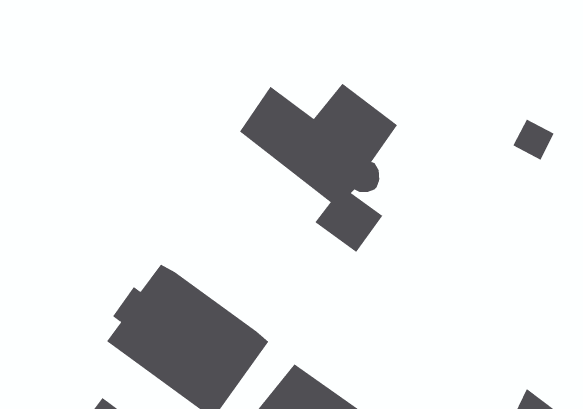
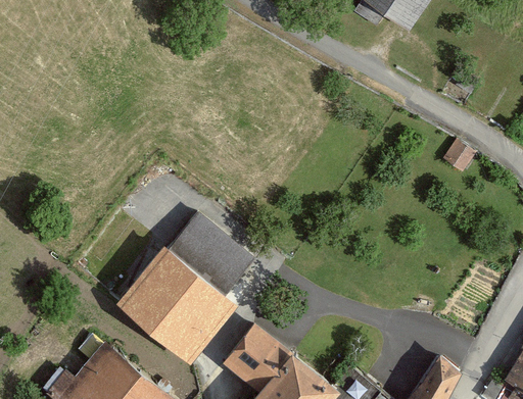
building: [239,83,398,253] -> none
building: none -> [168,209,257,295]

